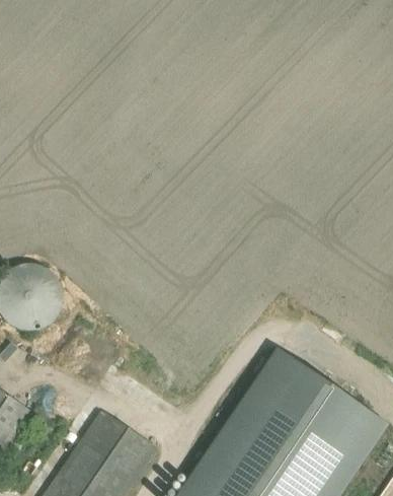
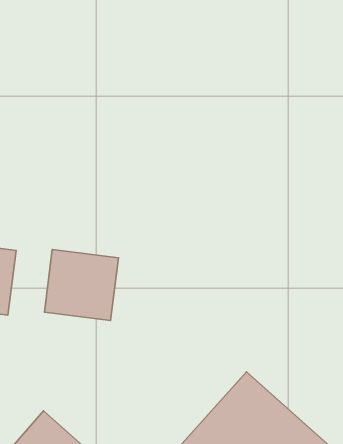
building: none -> [44,249,118,320]

